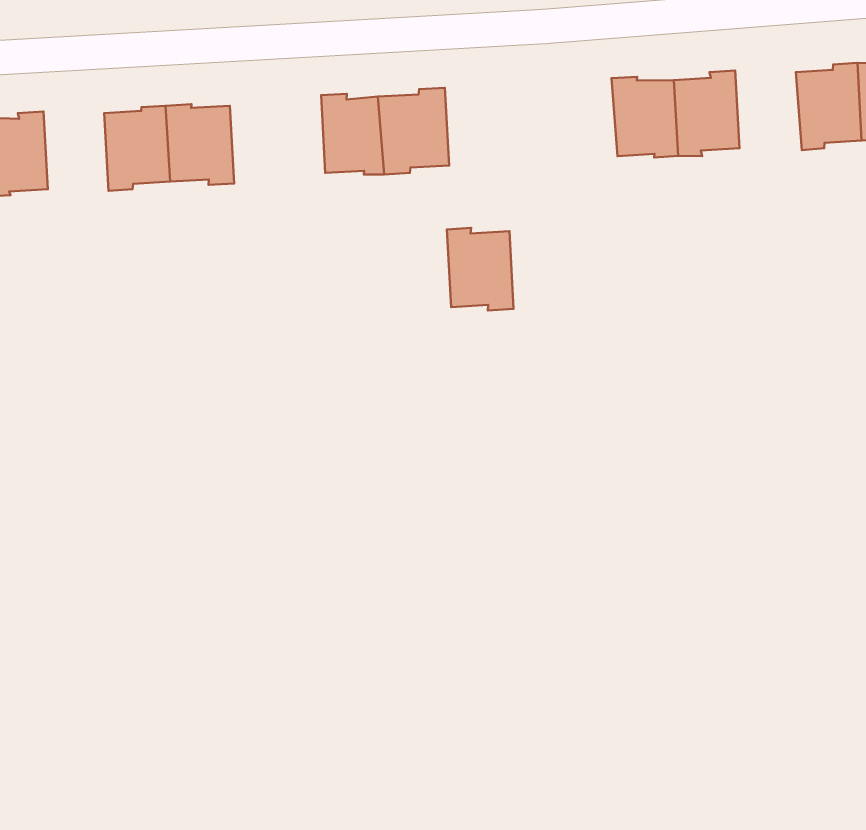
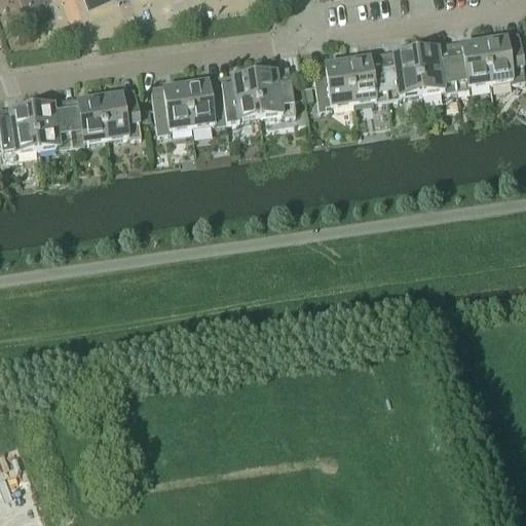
building: none -> [415,44,456,89]
building: none -> [312,57,353,107]
building: none -> [150,80,191,130]
building: none -> [31,101,71,146]
building: [447,228,514,310] -> [254,68,295,113]

